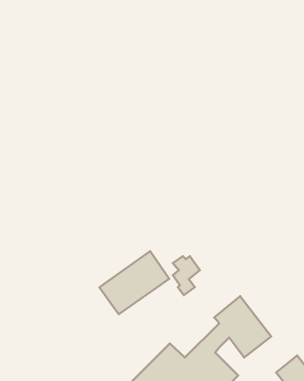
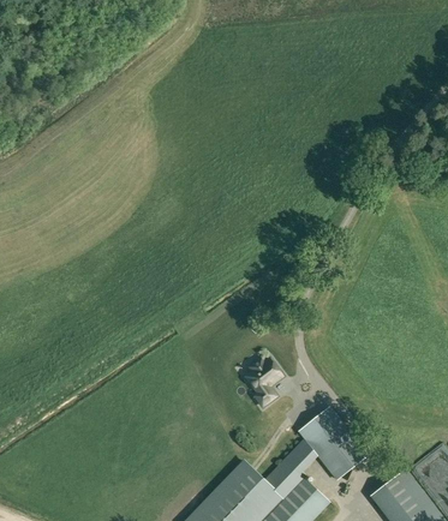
building: [99,251,169,314] -> none

